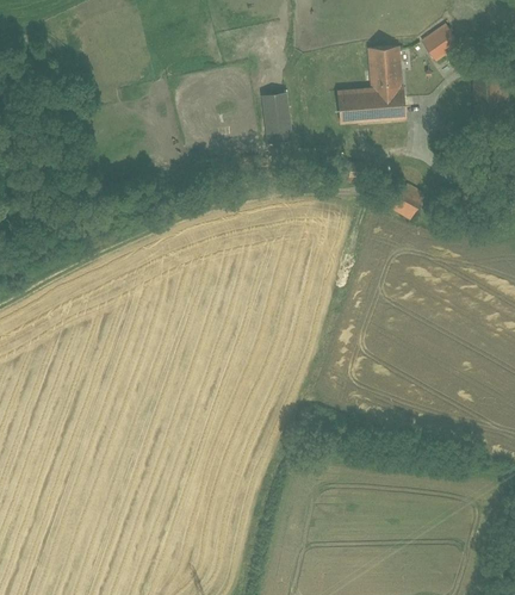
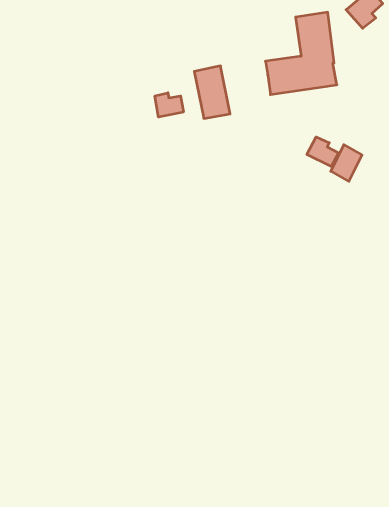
building: none -> [155,93,183,117]
building: none -> [307,137,338,166]

